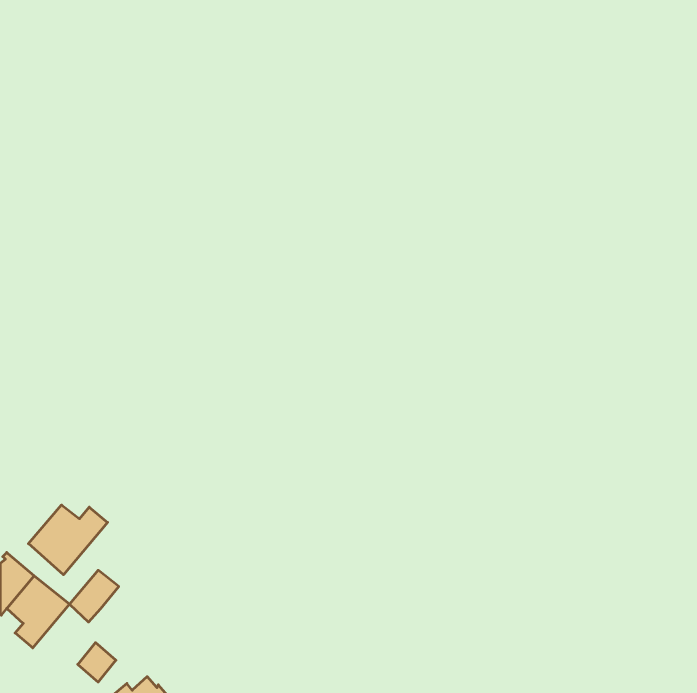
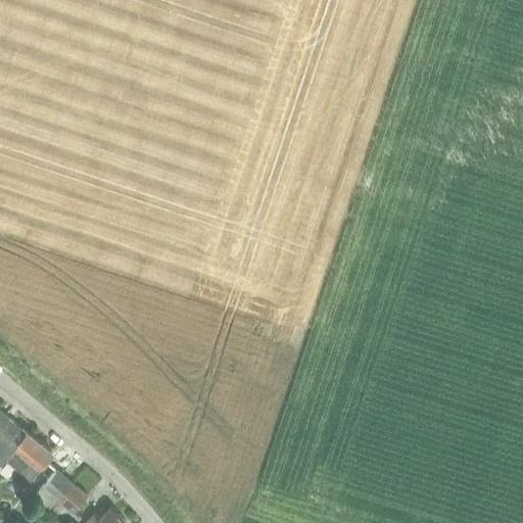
building: [28,505,108,575] -> none
building: [70,570,119,622] -> [35,472,72,511]

